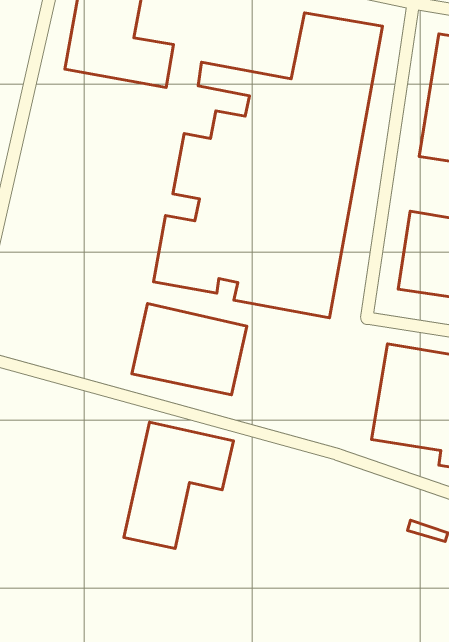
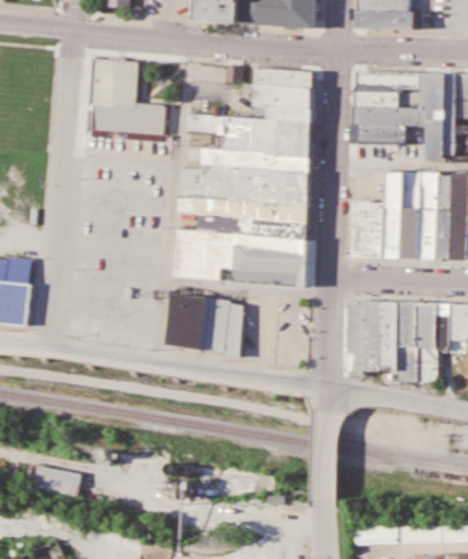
building: [124,422,233,549] -> none

